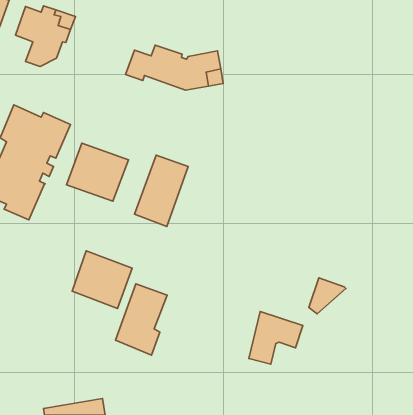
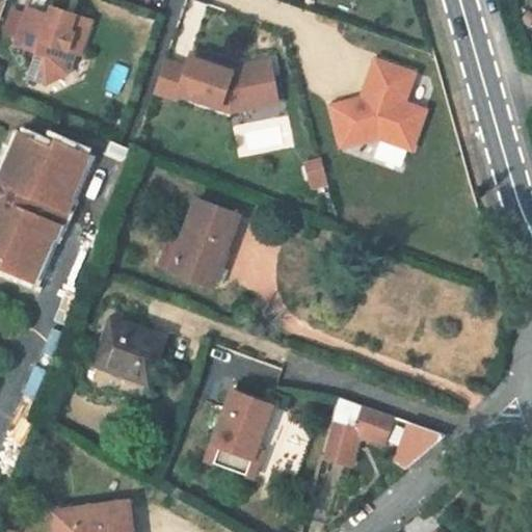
building: none -> [323,54,421,154]
building: [66,143,129,201] -> none
building: [309,278,346,314] -> [387,418,433,463]
building: [115,284,167,355] -> [209,393,274,483]

